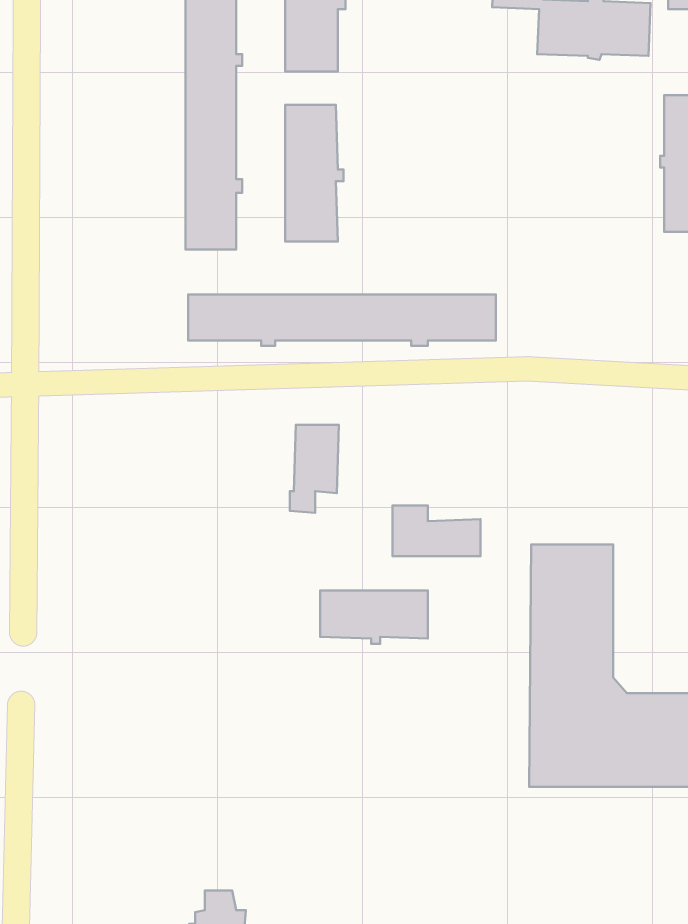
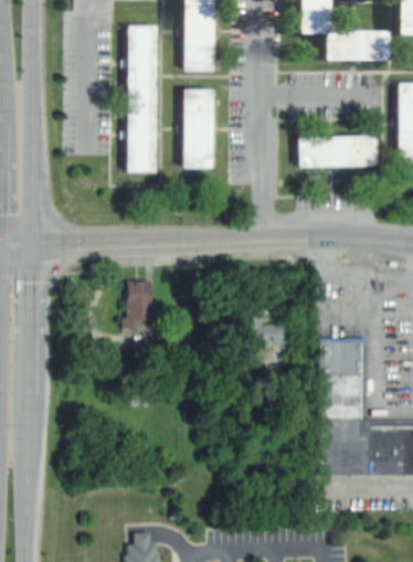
building: none -> [297,134,377,169]
building: [188,294,496,346] -> none
building: [290,425,339,513] -> [127,280,155,330]
building: [320,591,428,644] -> none

